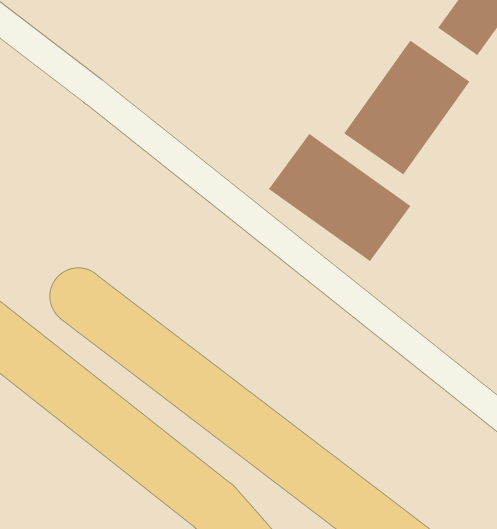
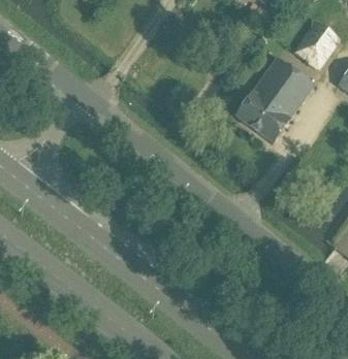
building: [268,133,411,262] -> none

